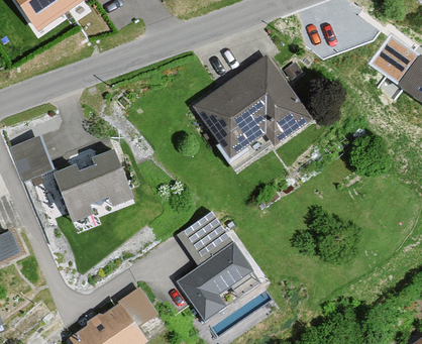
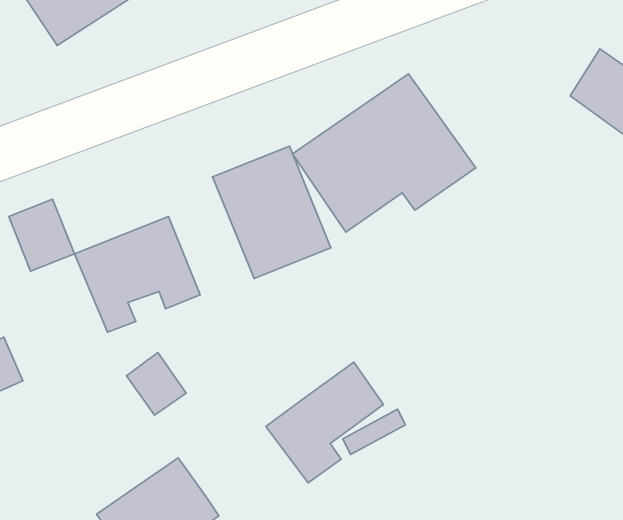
building: none -> [213,146,331,278]
building: [177,211,232,264] -> none
building: [119,286,157,327] -> [126,352,186,415]

